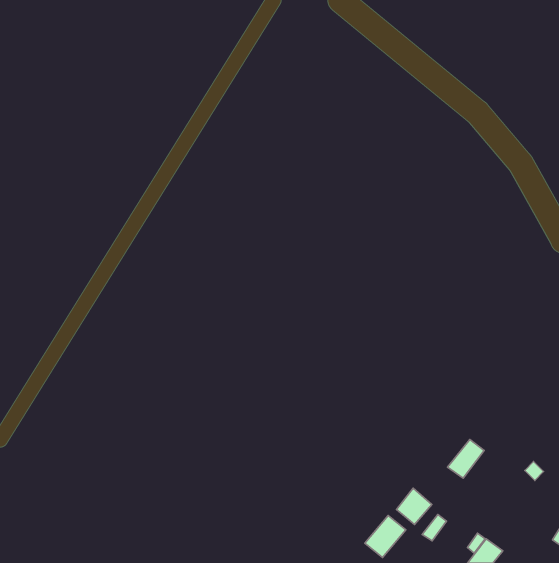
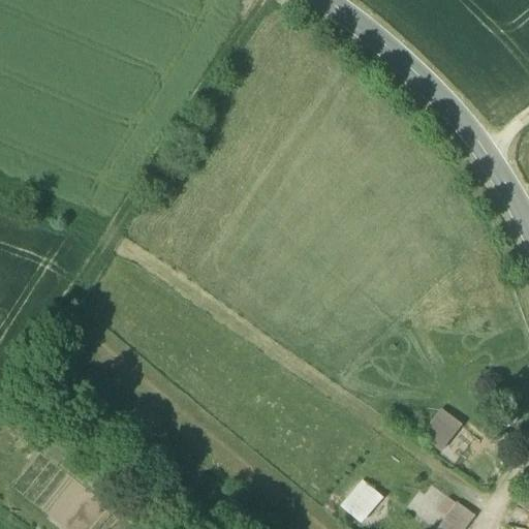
building: [397,488,432,524] -> none

